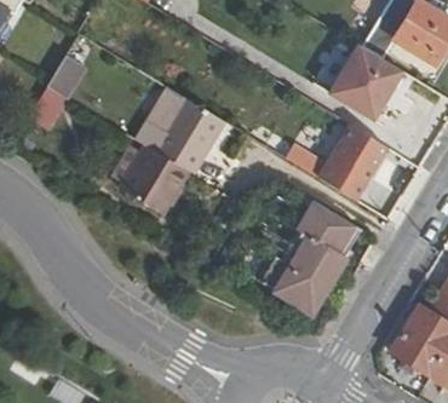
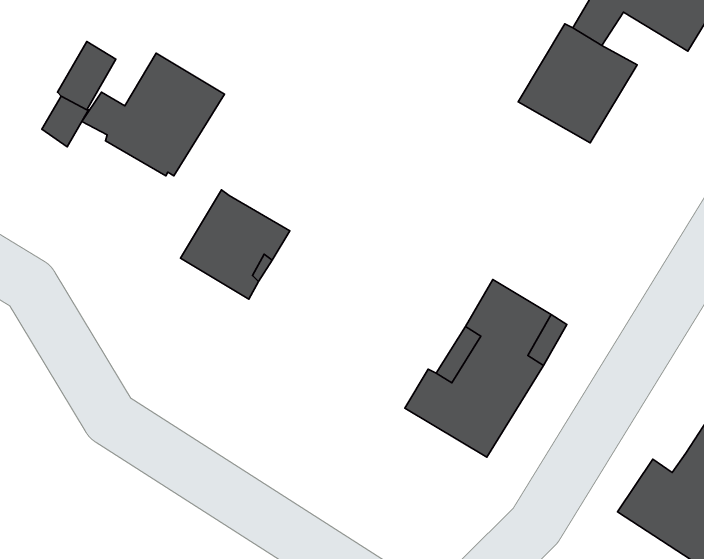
building: [137,97,225,173] -> [82,53,224,176]
building: [293,126,387,202] -> none

